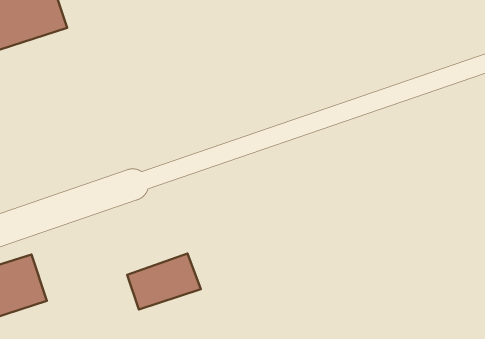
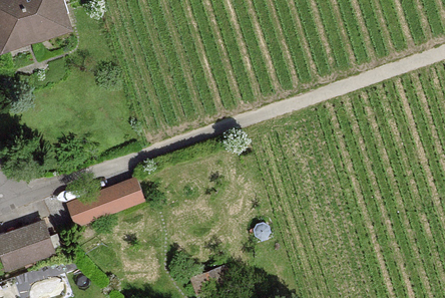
building: [127,254,201,309] -> [66,179,128,226]

